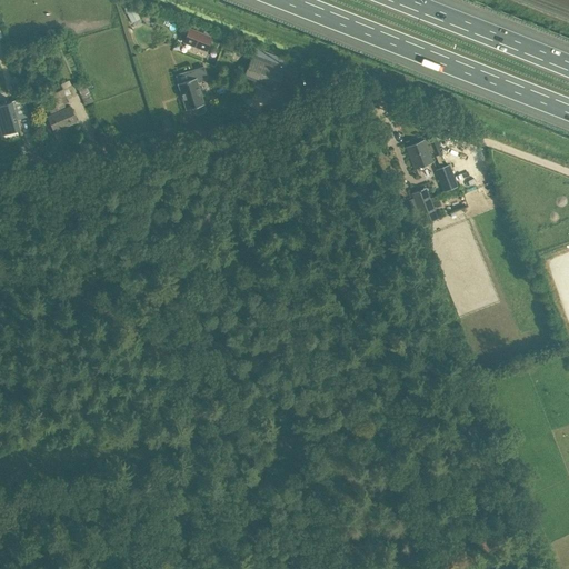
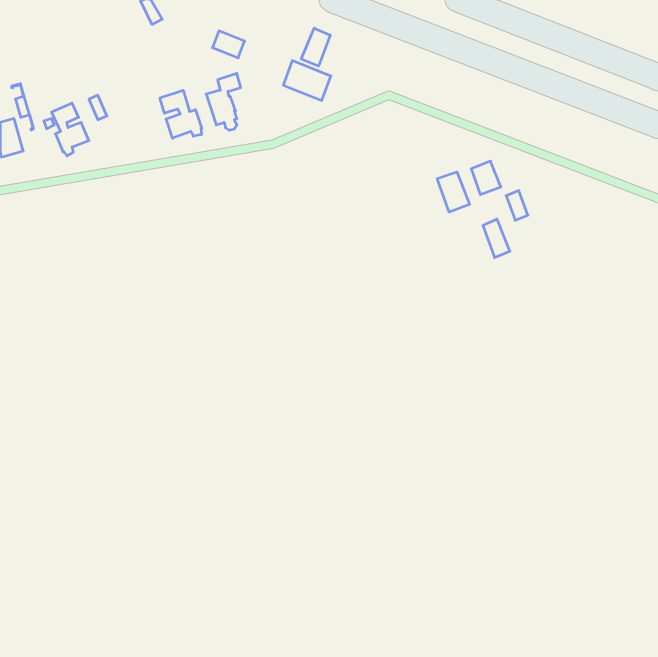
building: none -> [301,28,330,66]
building: none -> [160,90,202,138]
building: none -> [437,172,470,212]

